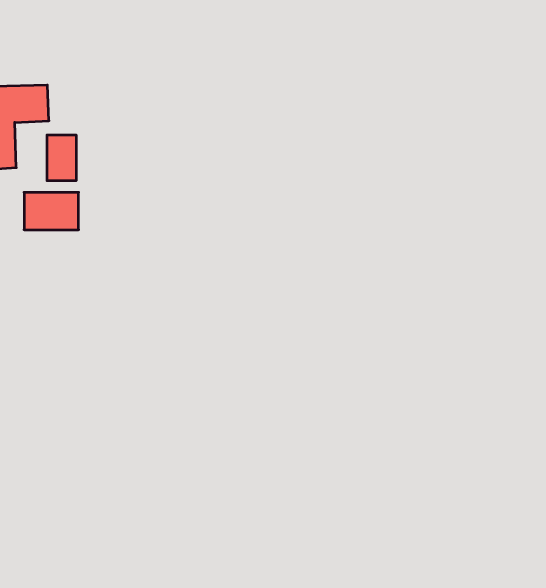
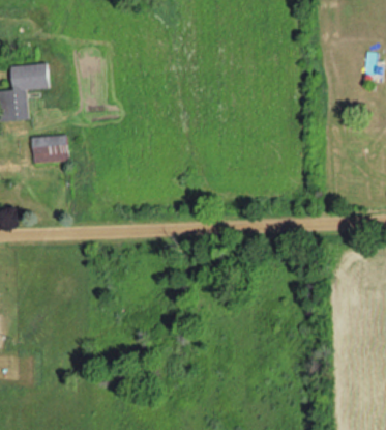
building: [47,135,76,181] -> none

